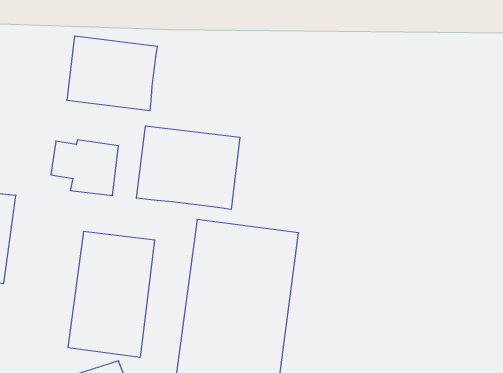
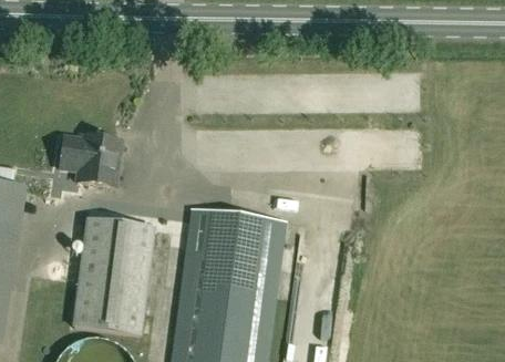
building: [67,36,157,111] -> none
building: [137,126,240,209] -> none

